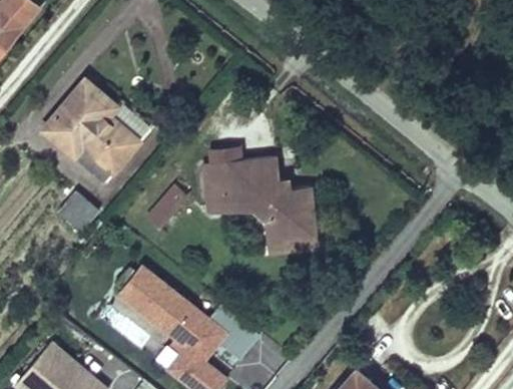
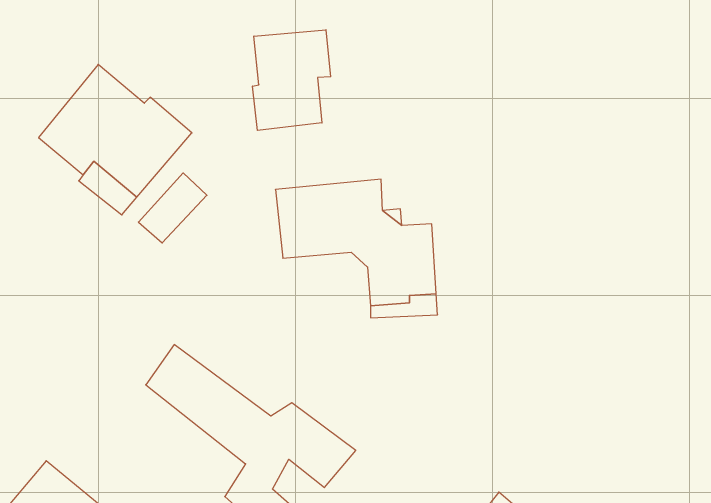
building: none -> [253,30,331,130]
building: [143,181,189,229] -> [138,173,207,243]
building: [58,189,100,232] -> none

